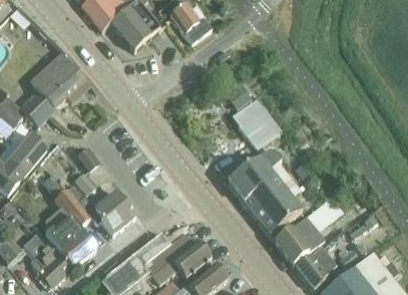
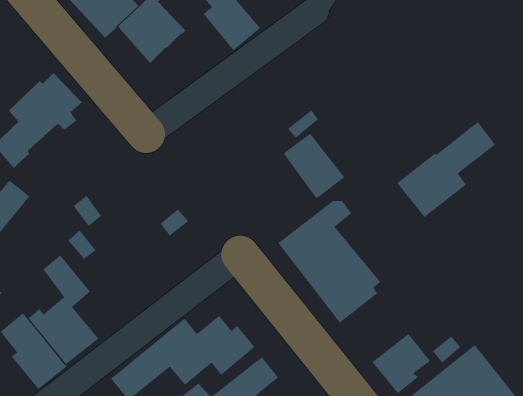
building: [68,181,135,234] -> none
building: [272,193,344,263] -> [396,121,496,218]

